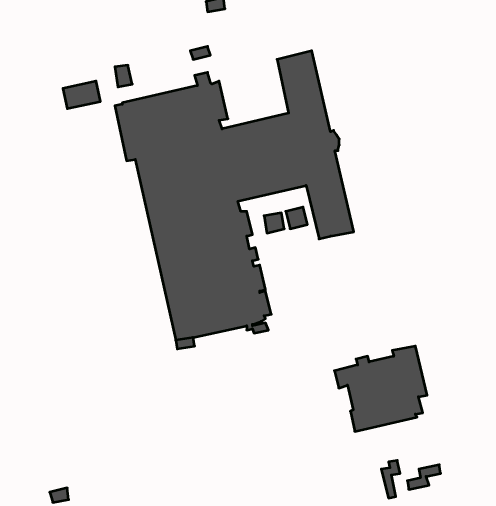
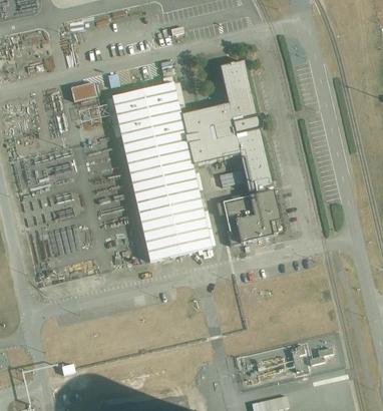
building: [334,346,427,431] -> [217,184,281,244]

